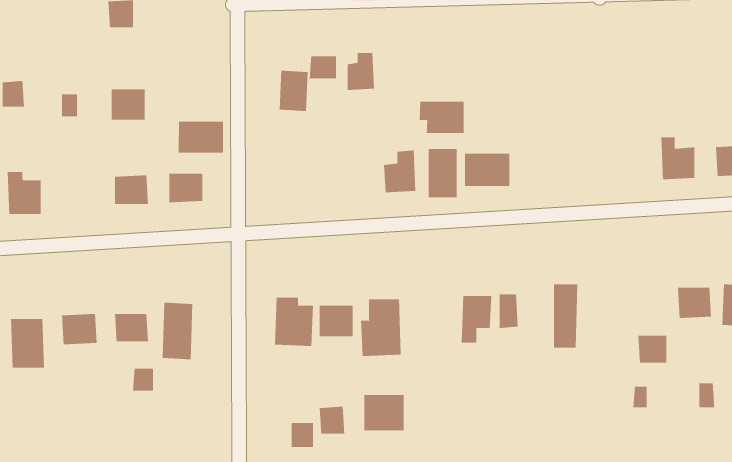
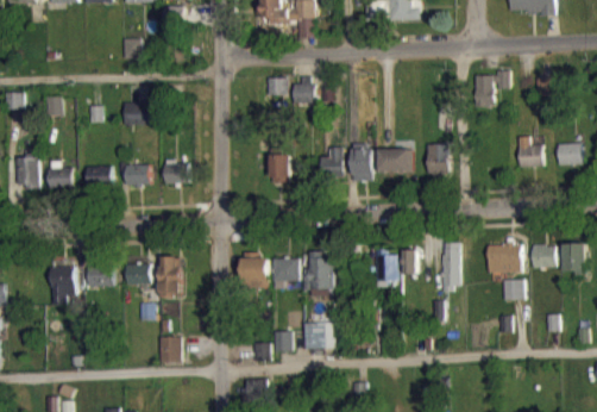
building: none -> [475,69,509,107]
building: [279,70,309,112] -> [269,154,290,183]
building: [419,101,464,134] -> none
building: [178,121,224,153] -> none
building: none -> [426,144,448,175]
building: none -> [86,166,111,188]
building: none -> [486,242,521,273]
building: none -> [158,337,180,363]

